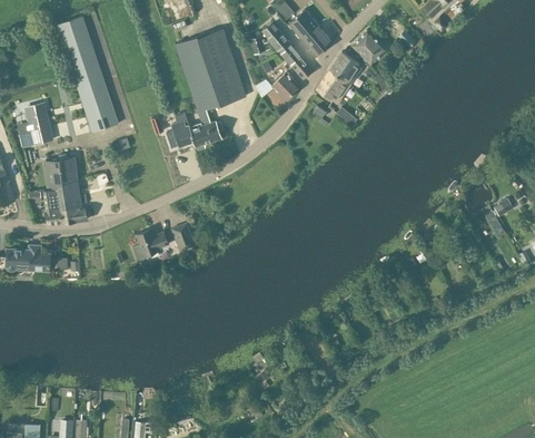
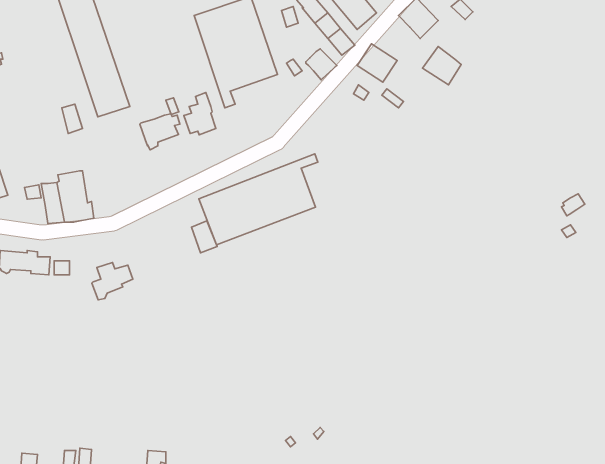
building: [328,50,361,84] -> [423,46,461,85]
building: [24,105,53,145] -> none
building: [189,120,224,152] -> [140,114,180,150]
building: [43,154,78,191] -> none
building: none -> [199,154,318,245]
building: [132,230,168,262] -> [92,263,133,300]

